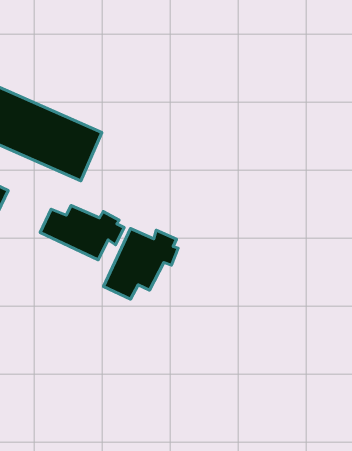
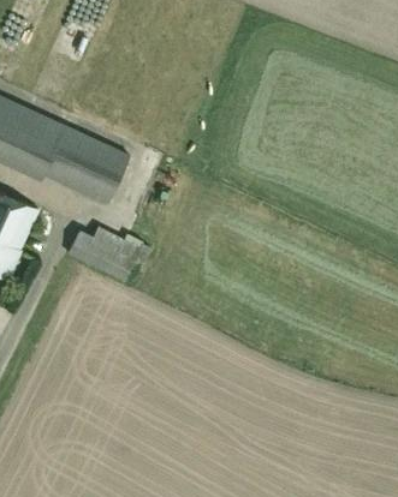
building: [103,228,178,299] -> none

